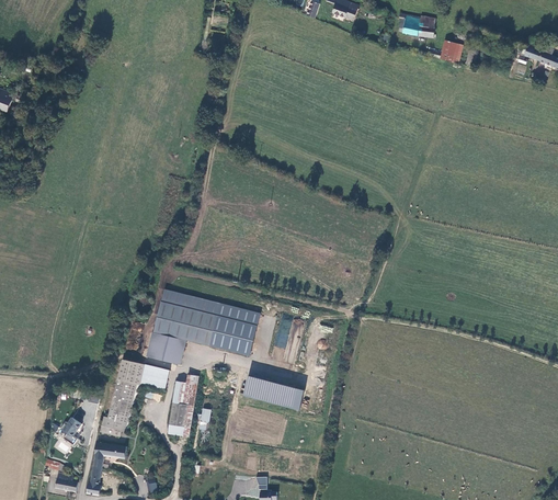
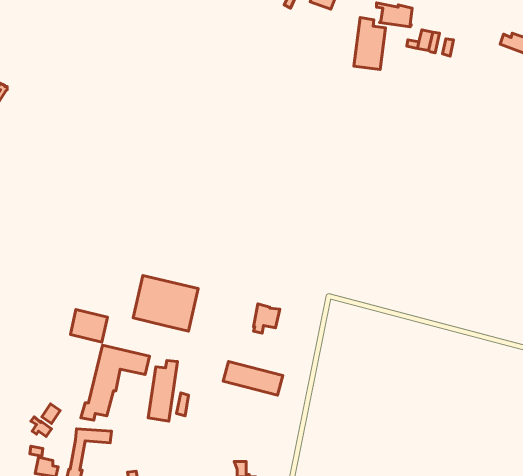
building: none -> [354,18,385,70]
building: [208,302,260,353] -> none
building: [147,331,184,364] -> [70,309,107,342]

